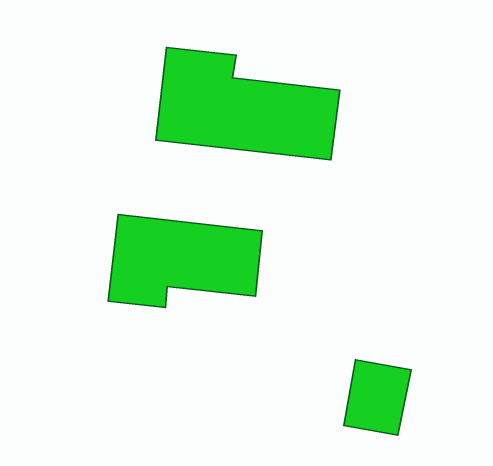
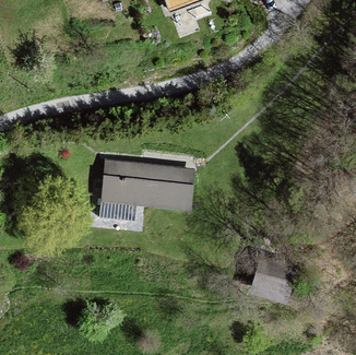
building: [156,47,340,160] -> none

